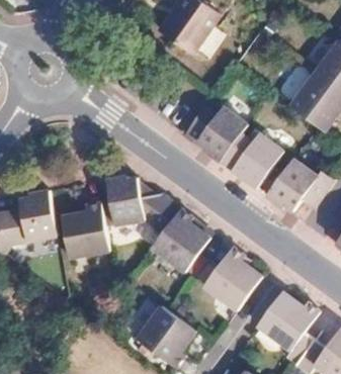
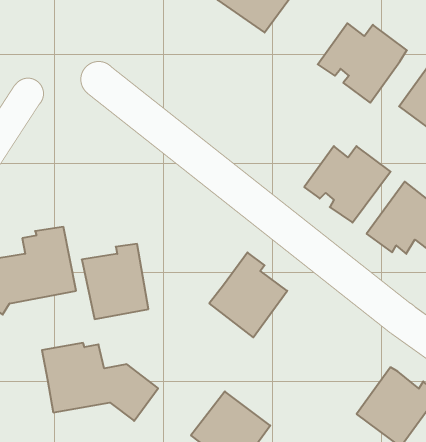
building: [183,106,247,163] -> [318,23,407,103]
building: [97,177,180,232] -> [42,343,158,421]
building: [204,248,263,309] -> none

